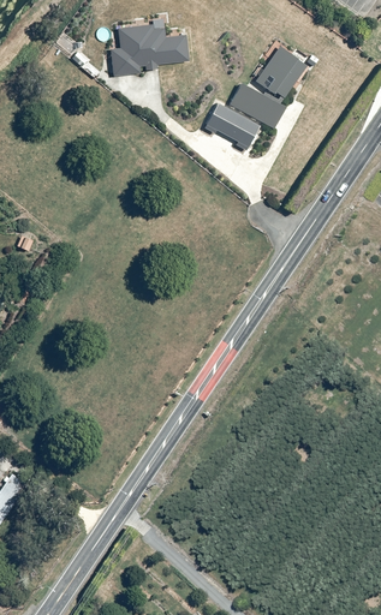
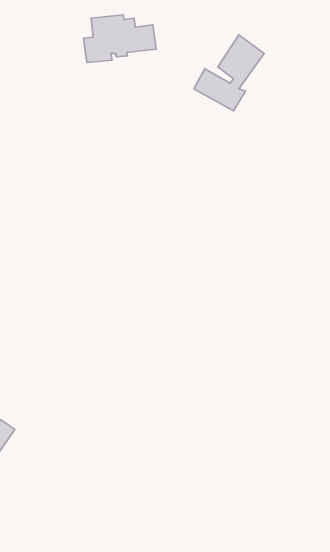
building: [204,100,261,153] -> none

